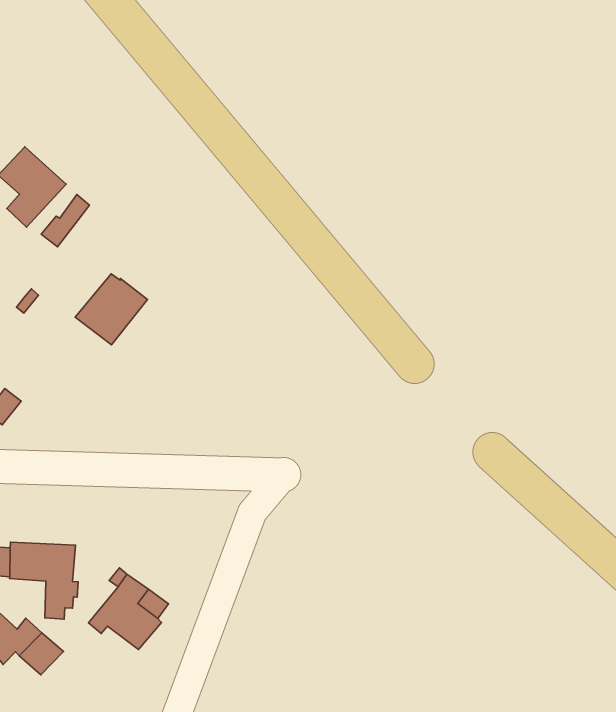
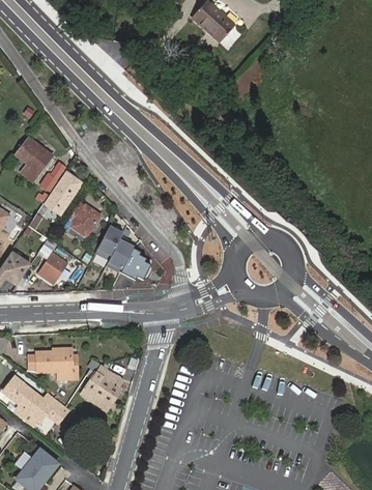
building: none -> [45,175,80,215]
building: none -> [93,225,149,282]
building: none -> [39,254,66,284]

